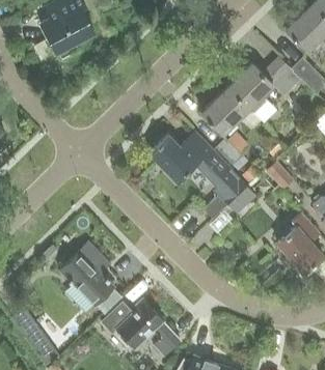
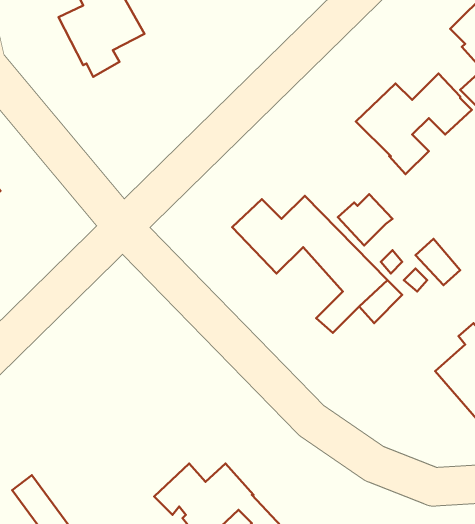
building: [201,87,249,137] -> none
building: [60,241,121,313] -> none

